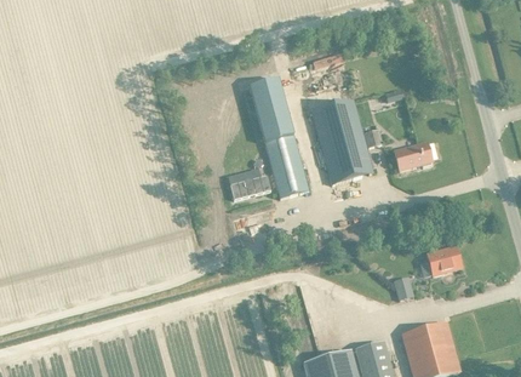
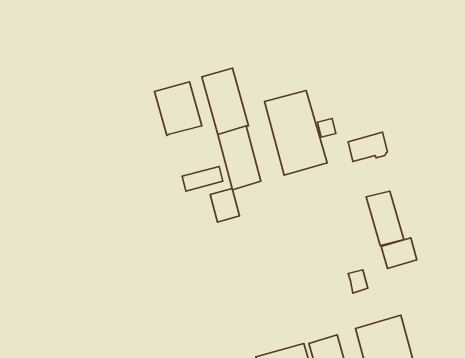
building: none -> [155,82,202,136]
building: none -> [210,188,240,222]
building: none -> [366,191,404,245]

